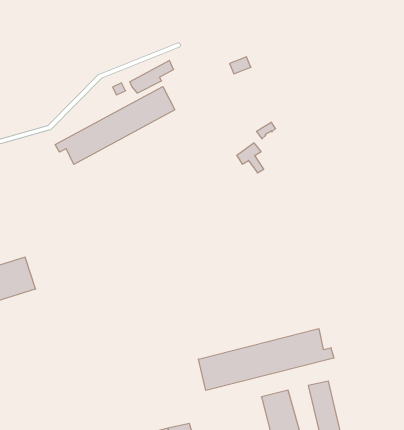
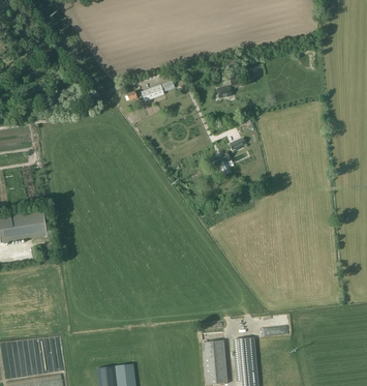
building: [55,87,175,164] -> none
building: [198,329,334,390] -> none

